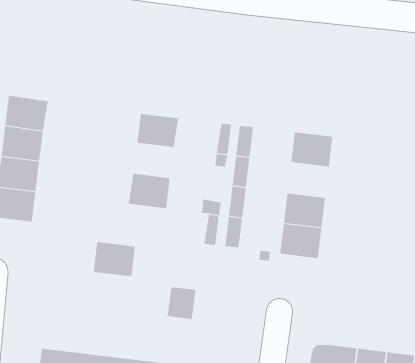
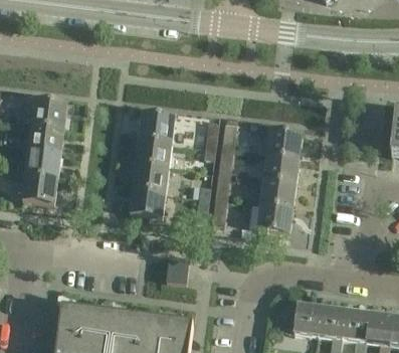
building: none -> [137,138,171,167]
building: none -> [263,154,298,183]
building: [93,241,136,277] -> [130,188,165,217]

